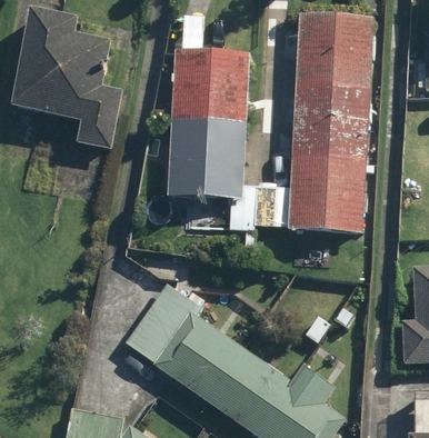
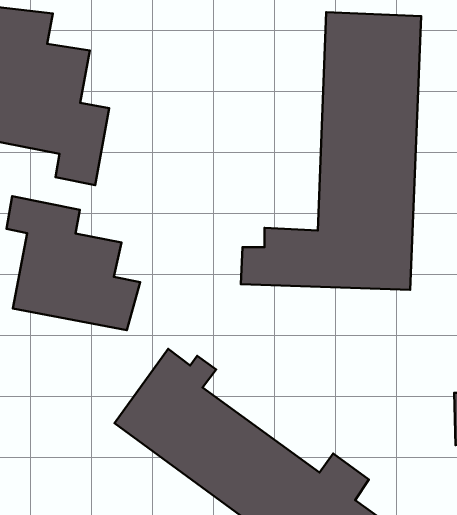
building: [167,14,250,199] -> none
building: none -> [7,196,140,330]

